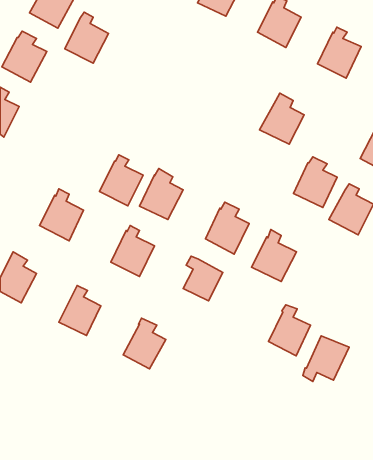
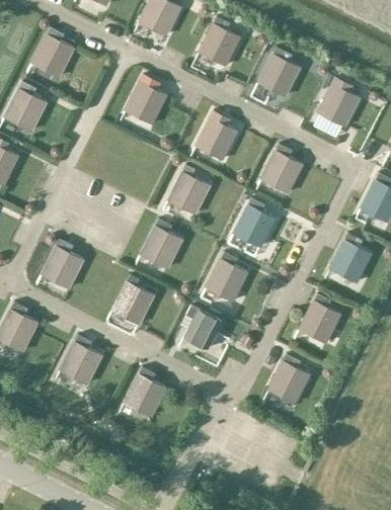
building: [65,12,109,63] -> [124,75,167,125]
building: none -> [193,110,237,162]
building: [99,155,143,206] -> [166,165,210,216]
building: [293,157,337,208] -> [232,198,276,249]
building: [252,230,296,281] -> [297,292,341,344]
building: [303,336,349,381] -> none

